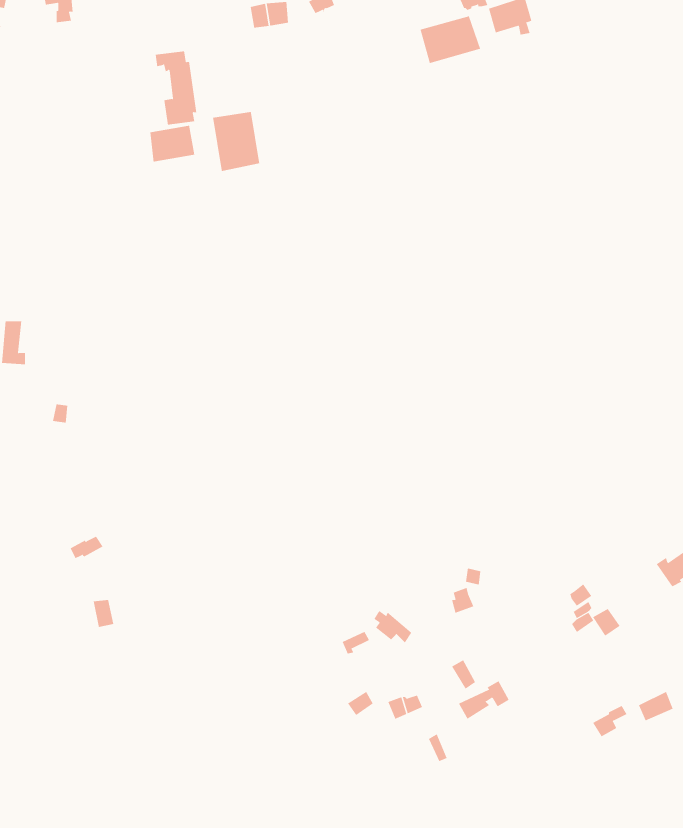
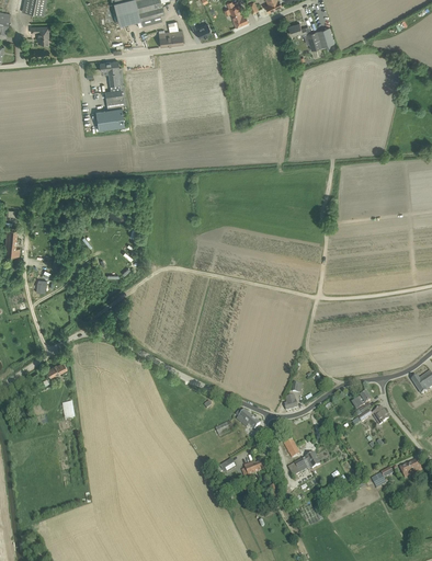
building: [420,16,481,64] -> none
building: [212,111,260,172] -> none

